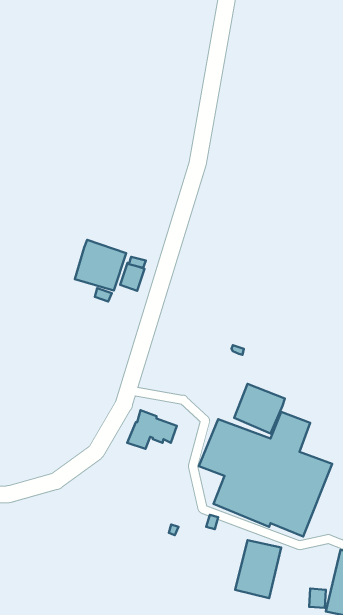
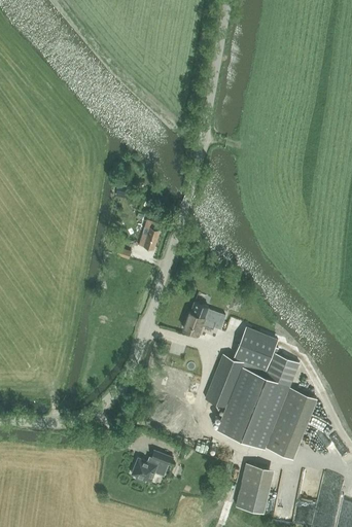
building: [75,240,126,290] -> none
building: [127,410,177,449] -> [182,303,224,336]
building: none -> [131,451,173,483]

